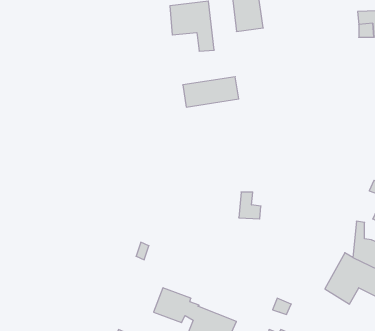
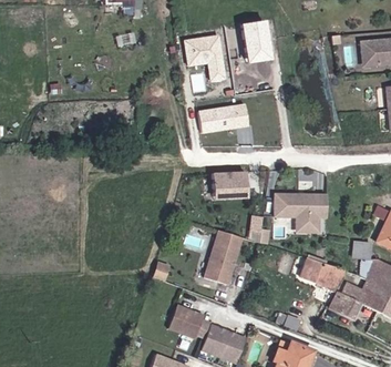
building: none -> [214,171,249,196]
building: none -> [277,193,329,233]
building: none -> [206,228,244,283]
building: none -> [302,257,346,287]

